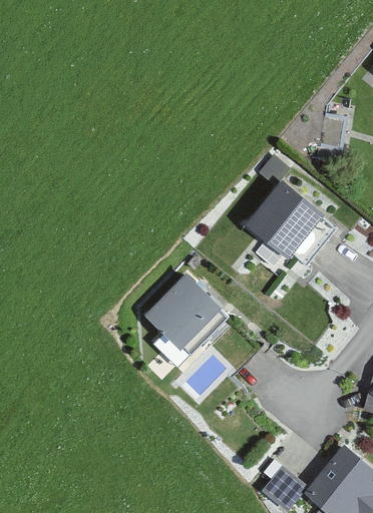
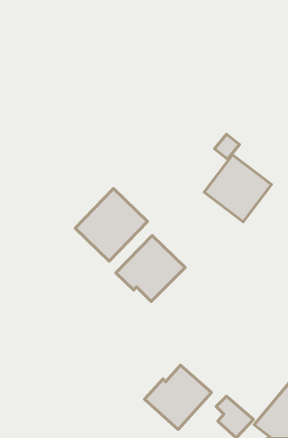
building: none -> [75,188,147,261]
building: none -> [145,365,212,429]

